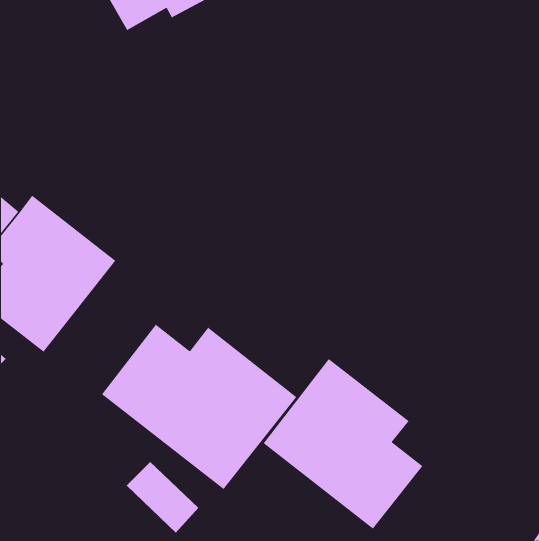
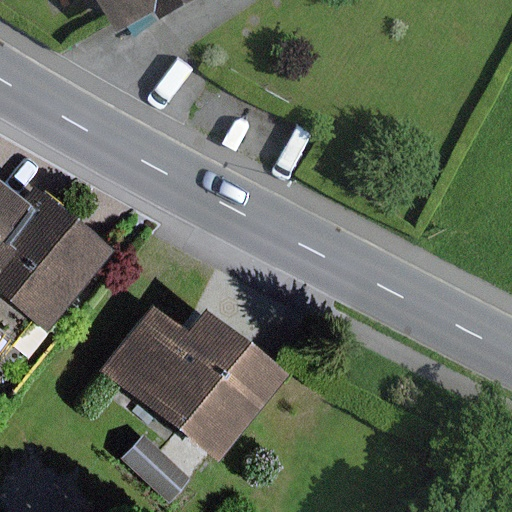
building: [263,358,423,529] -> none

